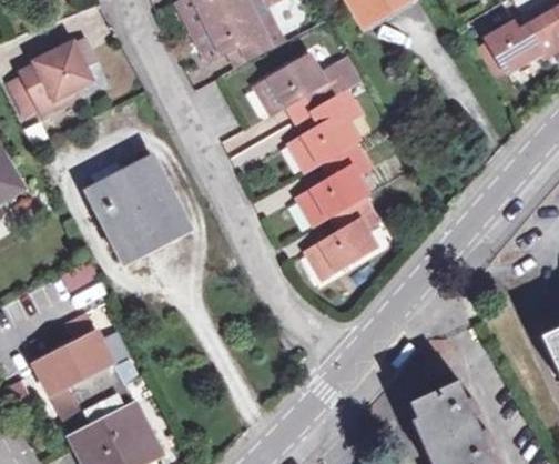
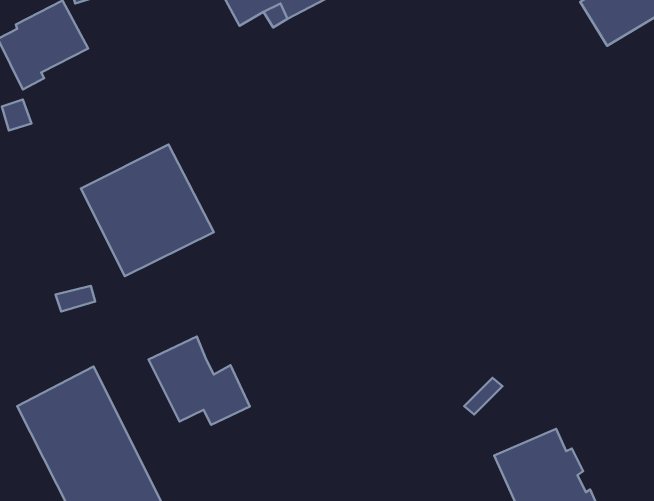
building: [260,53,375,276] -> none
building: none -> [149,336,250,425]

